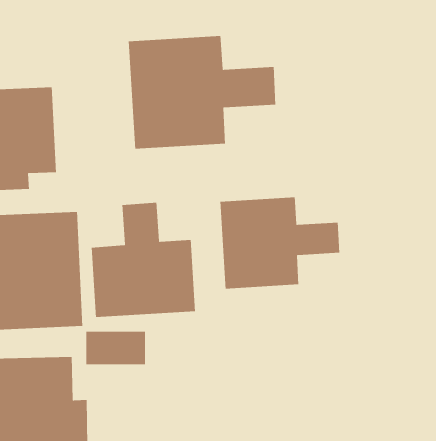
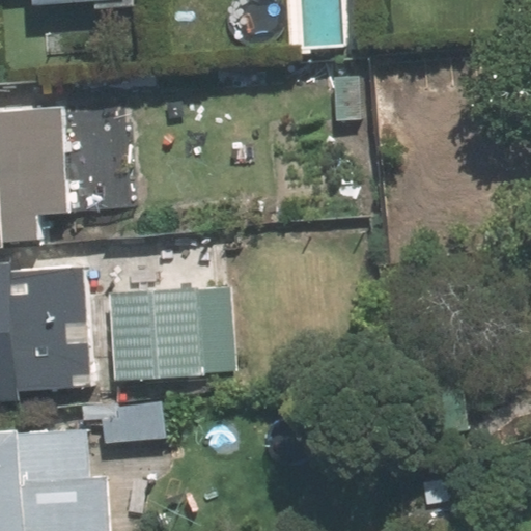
building: [128,35,276,150] -> none
building: [219,197,340,289] -> none

